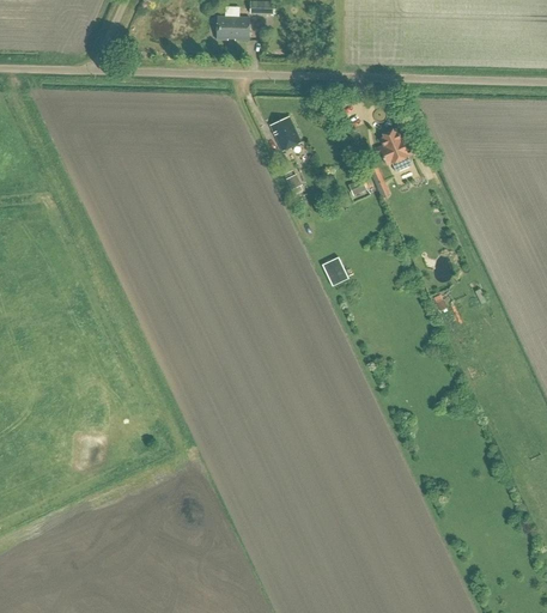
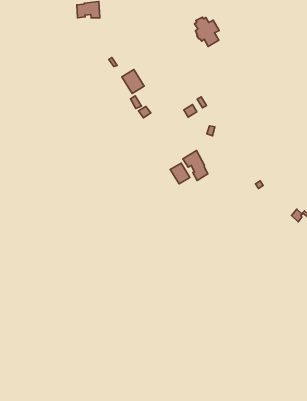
building: [381,131,414,172] -> [195,17,219,46]
building: none -> [183,151,208,181]

